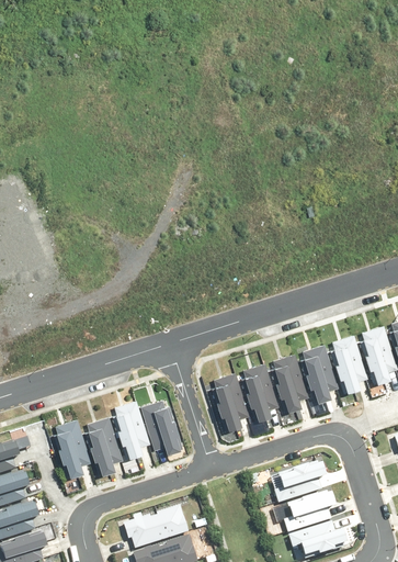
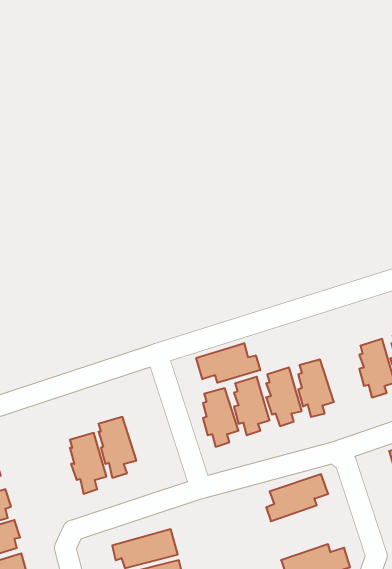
building: none -> [196,343,260,383]
building: [334,336,368,392] -> none
building: [140,400,181,453] -> none
building: [54,419,89,477] -> none
building: [280,491,339,535] -> none

